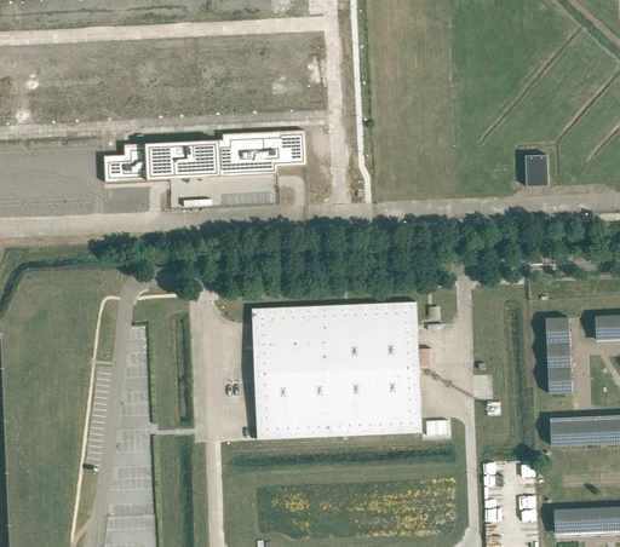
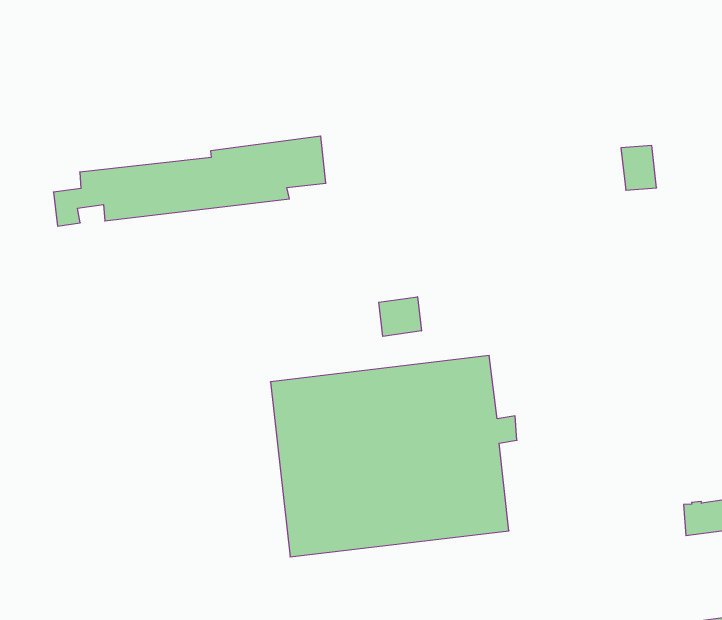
building: none -> [379,297,421,336]
building: [545,317,573,393] -> none

